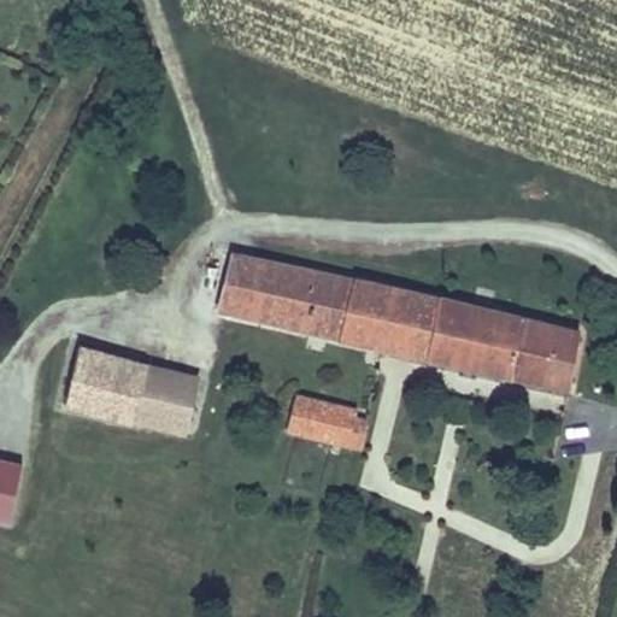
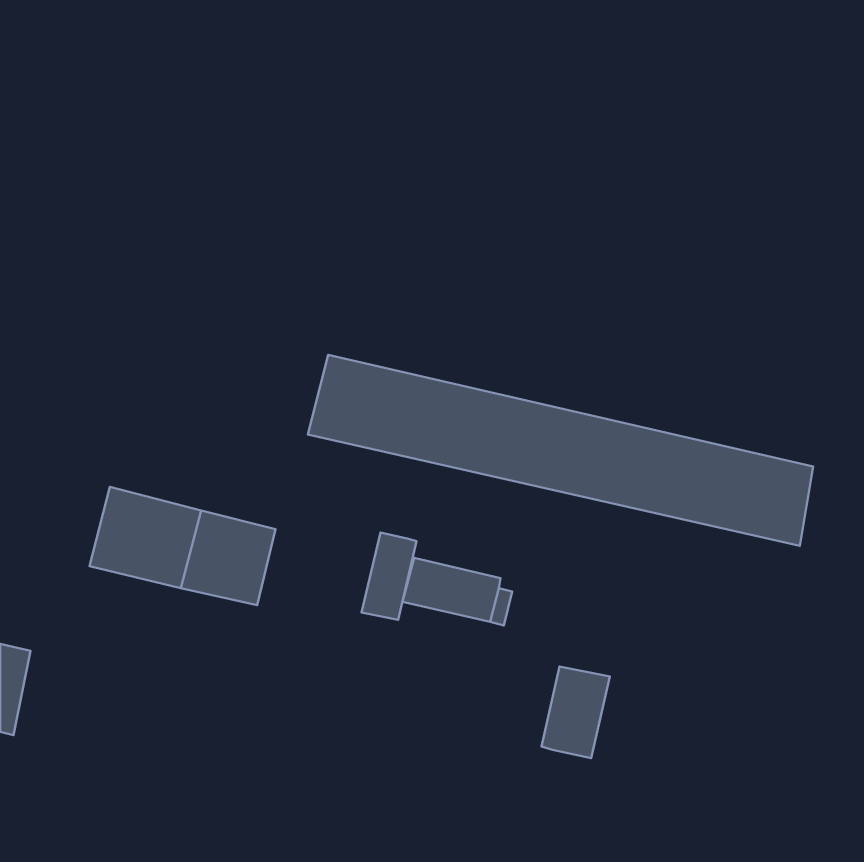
building: none -> [361,533,417,620]
building: none -> [541,667,610,758]

